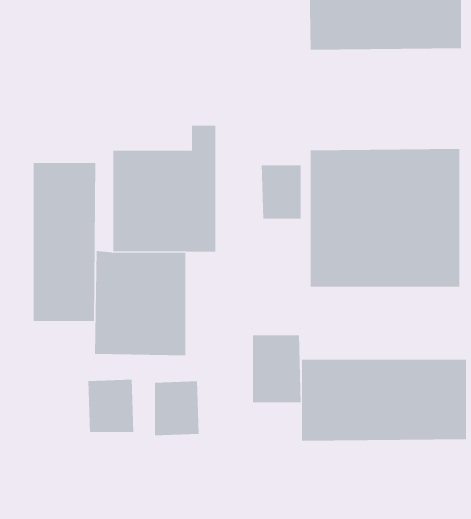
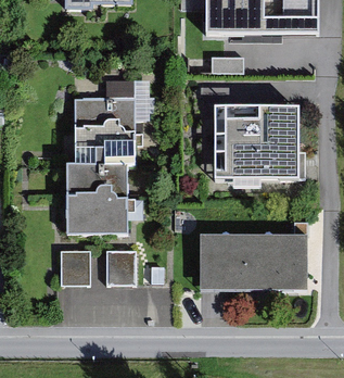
building: [33,162,96,322] -> none
building: [261,165,301,219] -> none
building: [252,335,301,403] -> none

